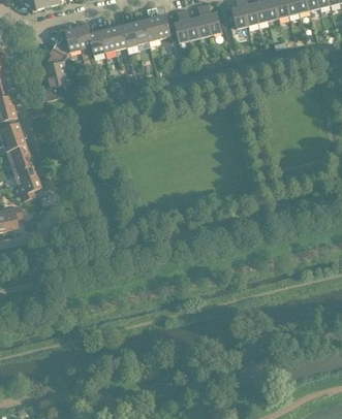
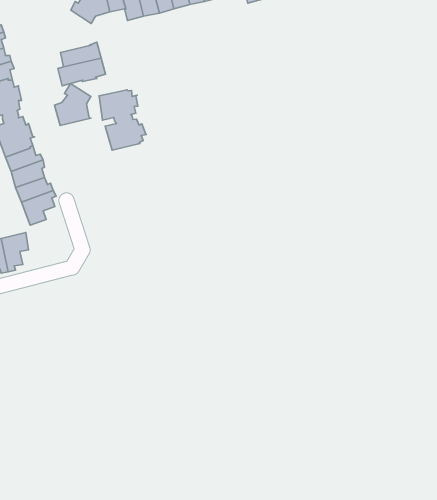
building: [40,47,66,77] -> [54,83,91,126]
building: none -> [99,90,146,150]

